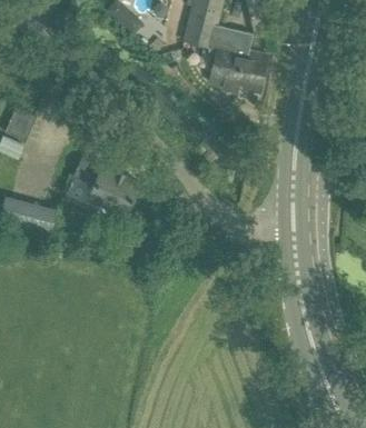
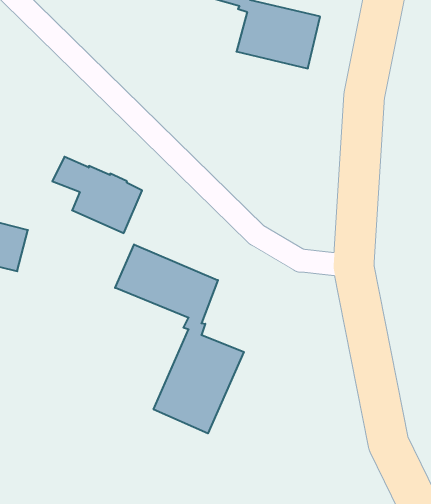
building: none -> [115,244,244,433]

